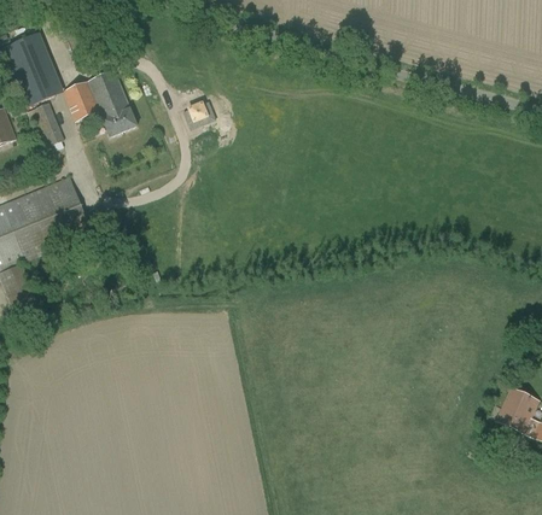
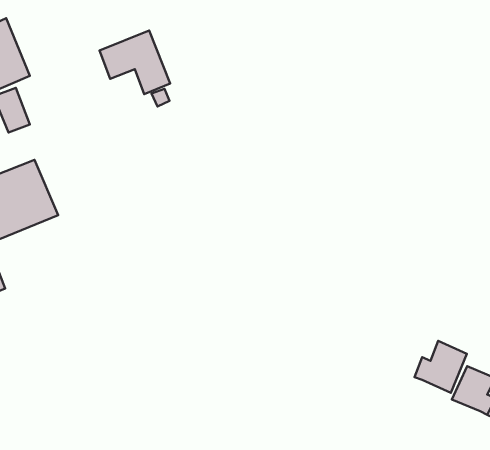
building: [64,70,136,135] -> [99,30,170,94]
building: none -> [414,341,467,393]

